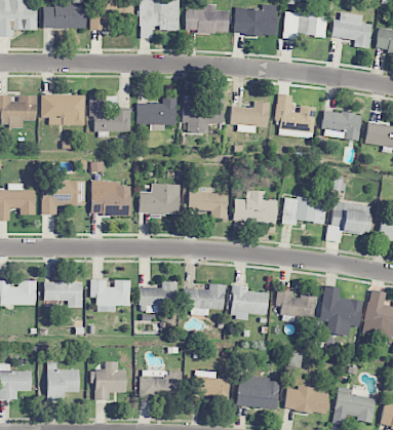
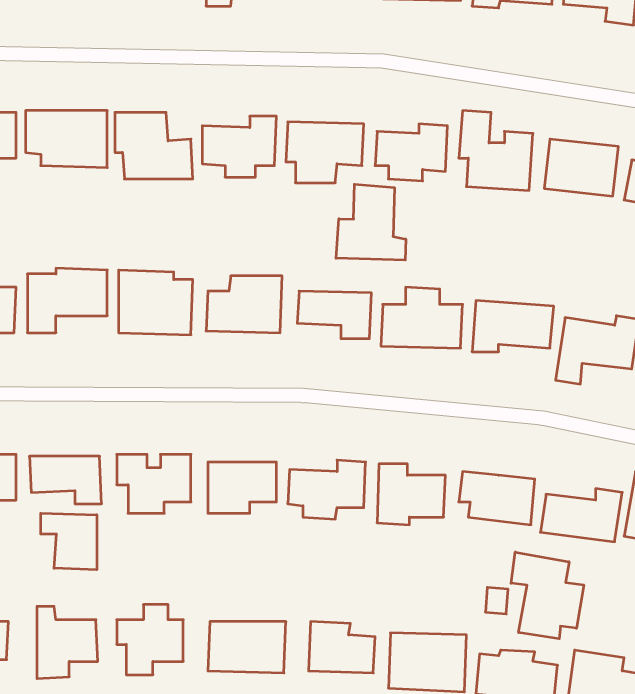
building: none -> [336,184,406,260]
building: none -> [41,513,97,570]
building: none -> [511,552,584,639]

